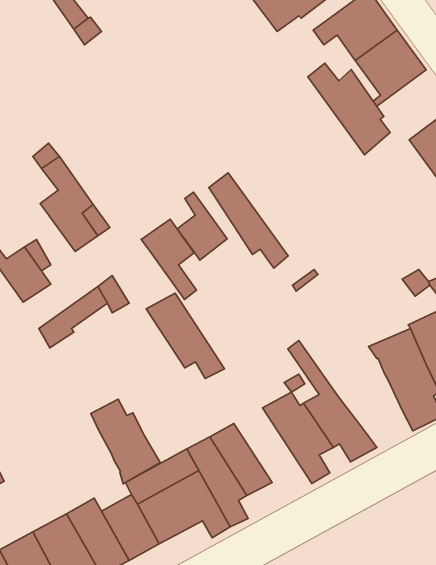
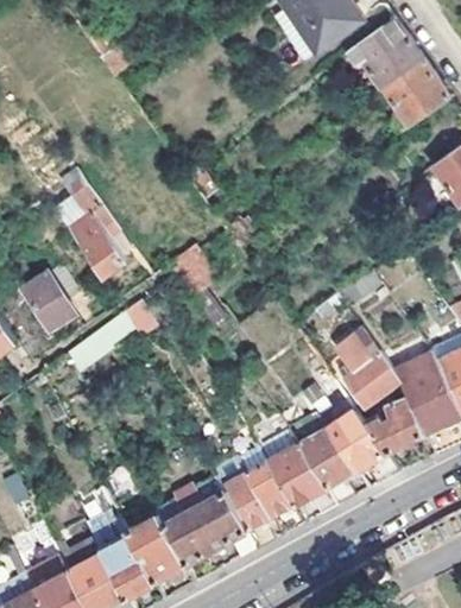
building: [308,63,390,155] -> none
building: [209,173,288,268] -> none
building: [177,192,227,260] -> none
building: [146,293,224,379] -> [259,431,336,515]
building: none -> [336,332,400,410]
building: none -> [364,397,425,451]
building: [91,399,160,484] -> none

